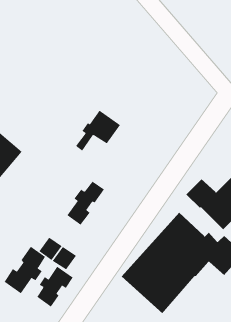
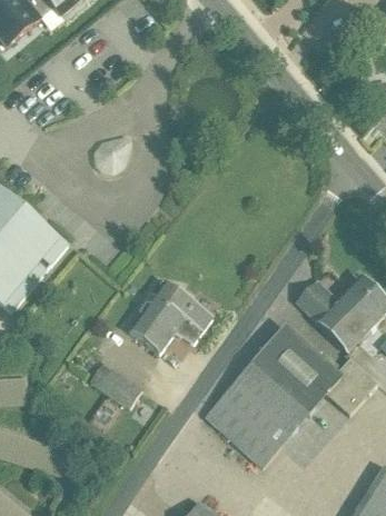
building: [75,110,121,151] -> [149,295,212,353]
building: [4,246,46,294] -> none
building: [37,266,73,307] -> none

